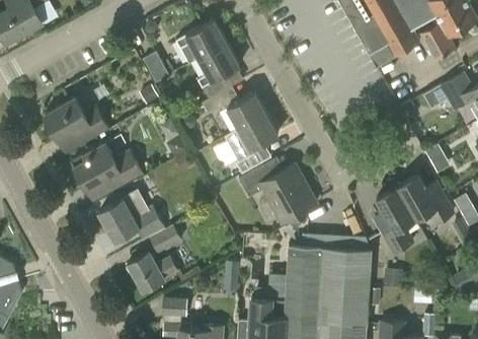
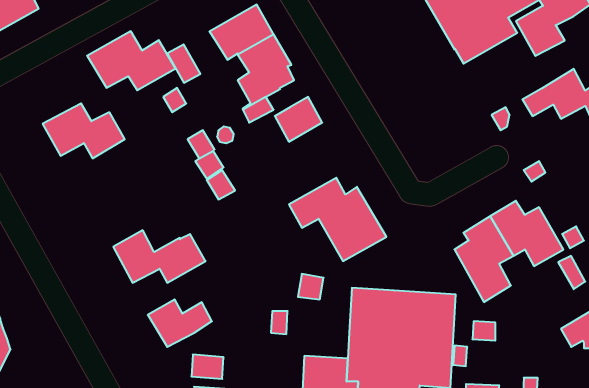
building: [225,114,277,174] -> none
building: [71,144,141,191] -> [87,31,176,90]
building: [149,224,182,254] -> none

